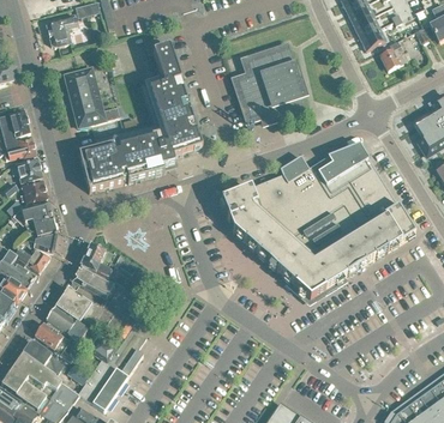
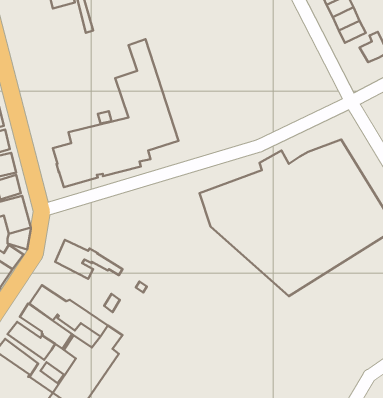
building: [46,14,77,46] -> none
building: [234,43,307,120] -> none
building: [66,67,119,126] -> none
building: [72,264,118,300] -> none

